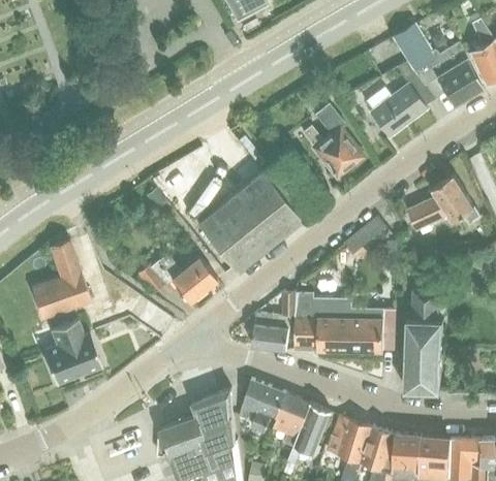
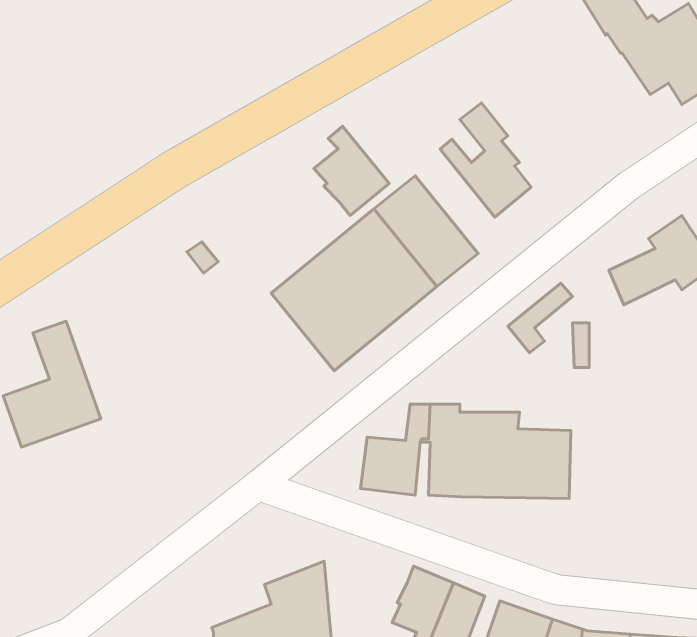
building: [364,62,433,136] -> none
building: none -> [314,126,389,215]
building: [136,255,215,301] -> none
building: [405,290,443,392] -> none
building: [41,320,100,385] -> none
building: [239,380,285,434] -> none

